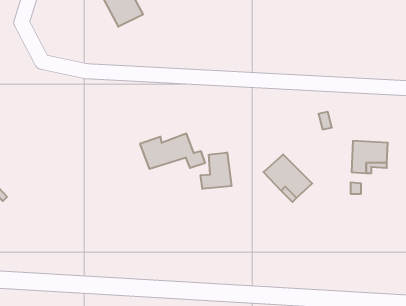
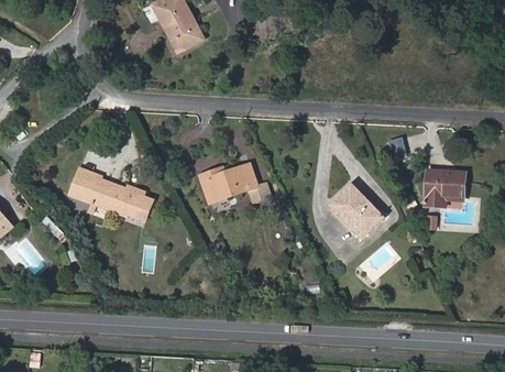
building: none -> [69,169,151,219]
building: [201,152,231,189] -> none

